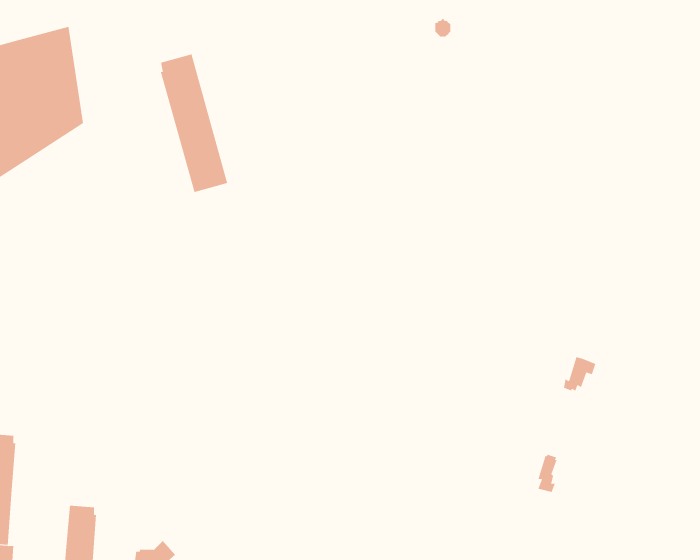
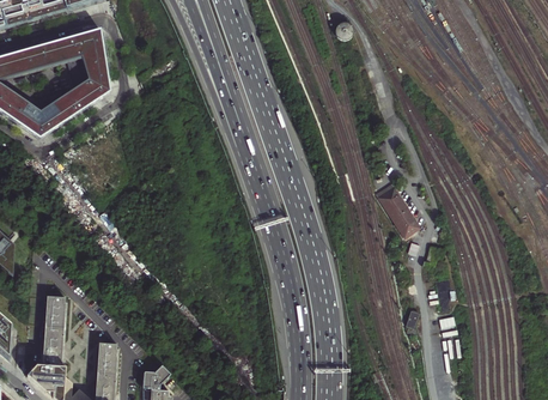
building: [160,53,228,193] -> none
building: none -> [377,184,419,236]

